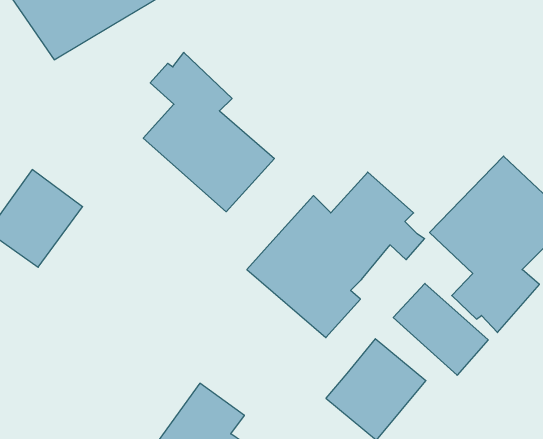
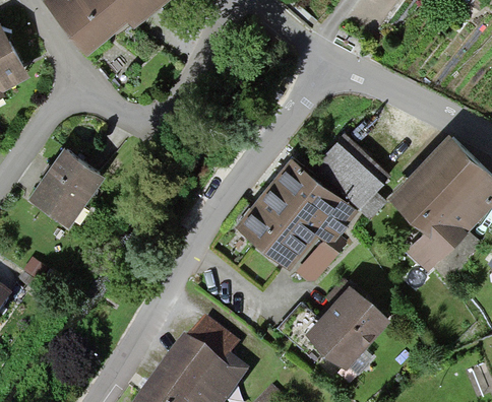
building: [143,52,274,212] -> none
building: [393,283,488,375] -> none

